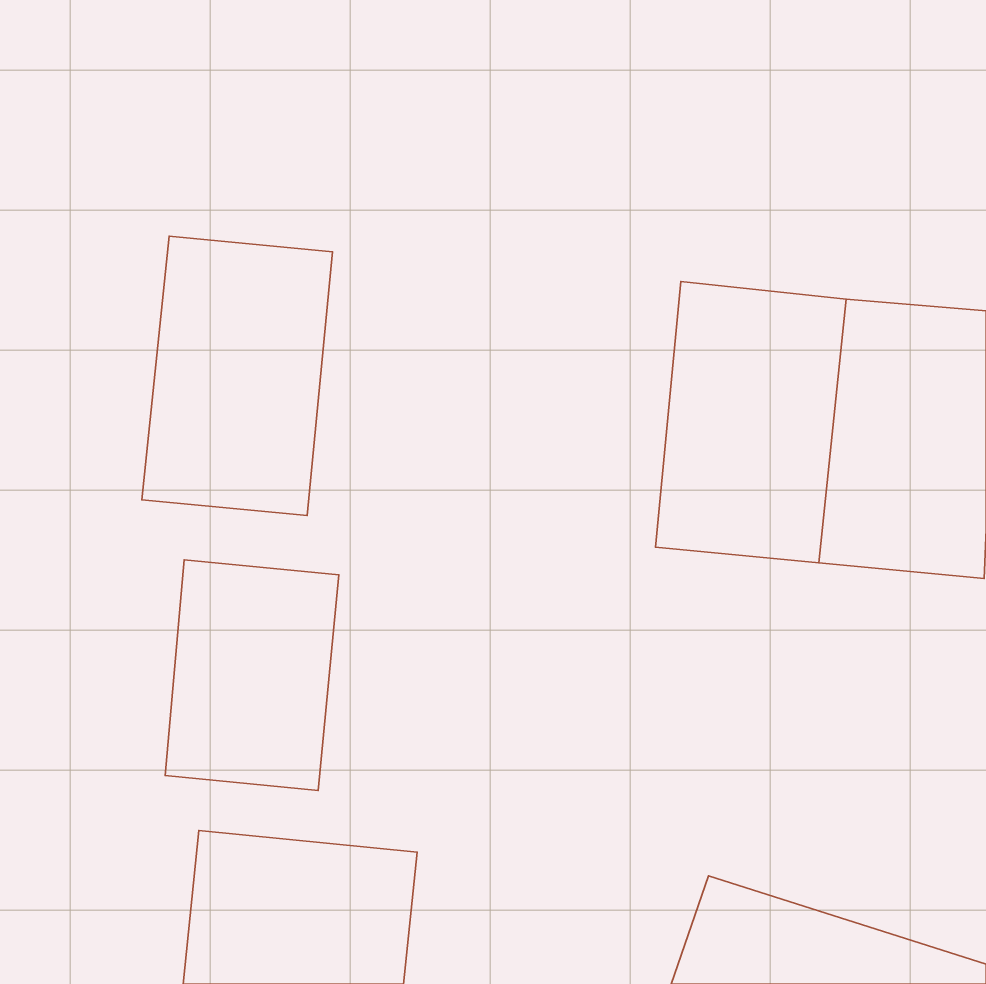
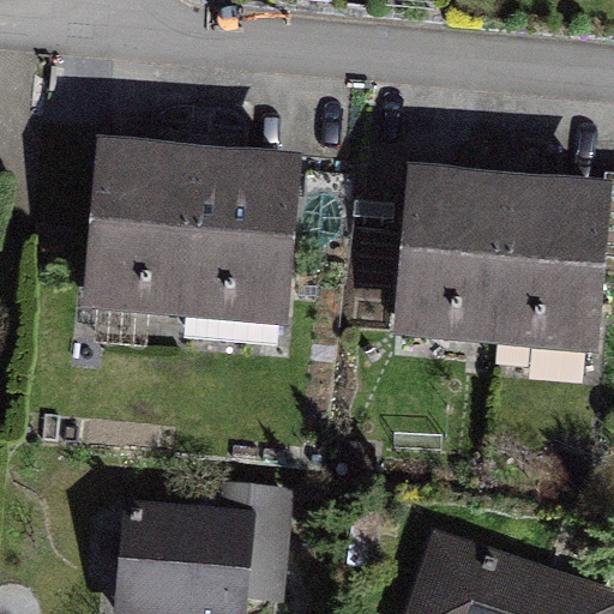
building: none -> [187,154,302,325]
building: [165,560,339,790] -> none

